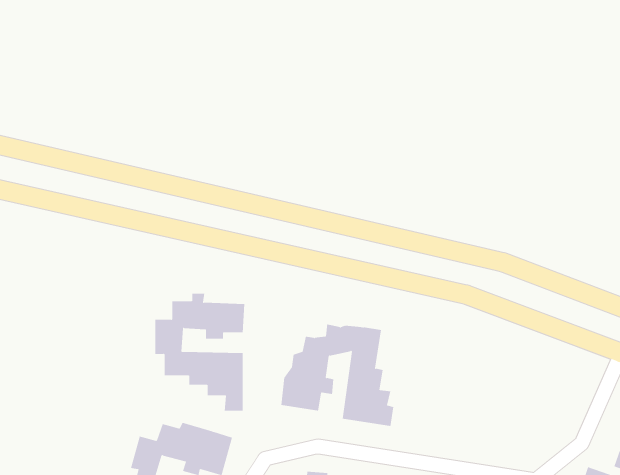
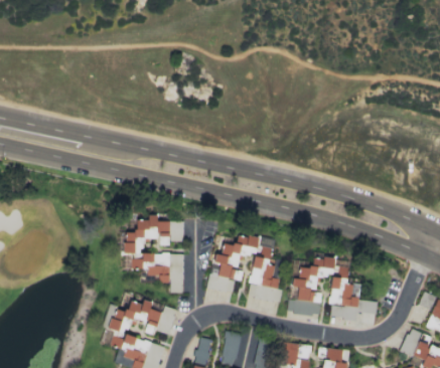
building: none -> [289,257,378,320]

